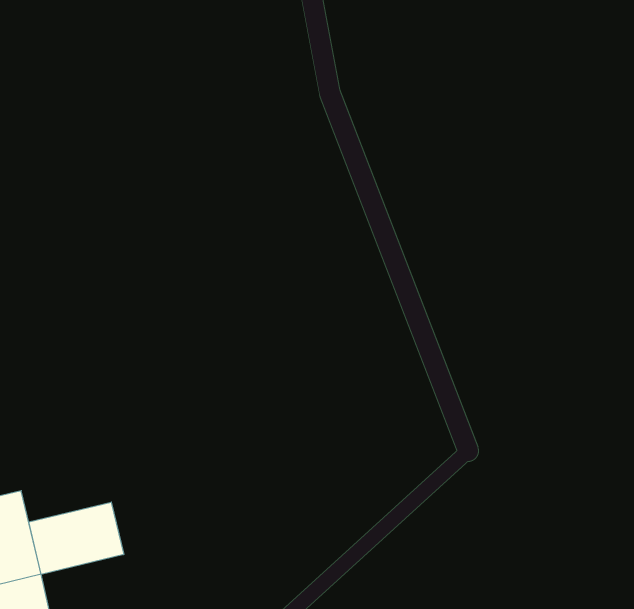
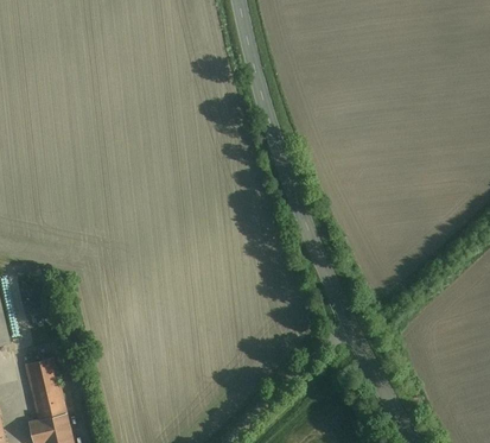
building: [29,502,124,574] -> none

